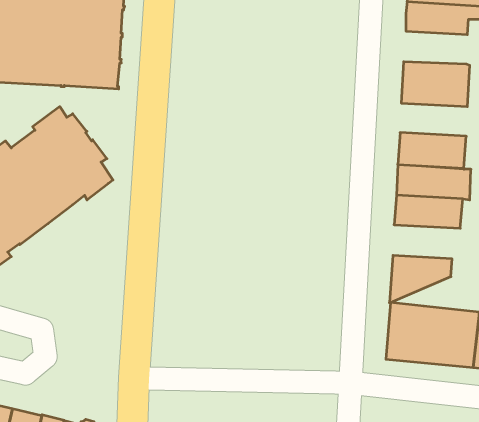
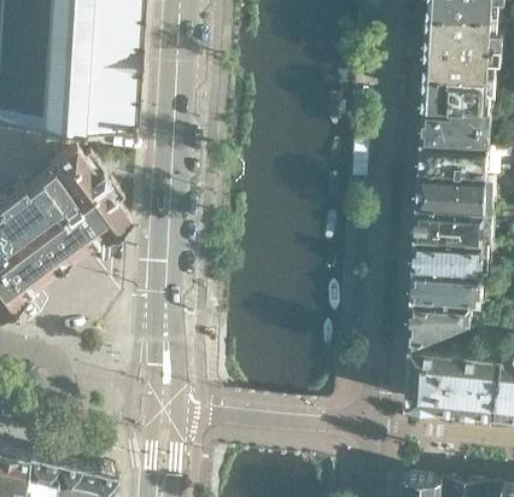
building: none -> [424,68,489,101]
building: none -> [420,141,489,175]
building: none -> [413,265,481,300]

